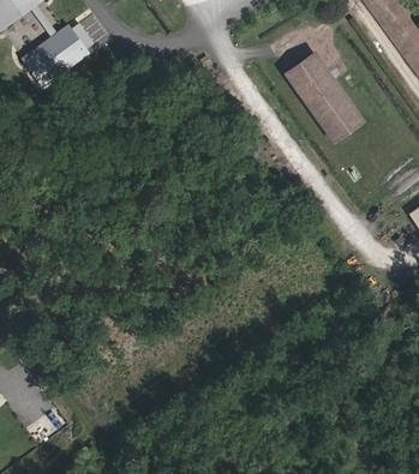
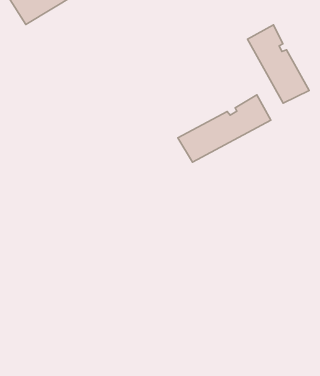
building: none -> [178,95,271,162]

